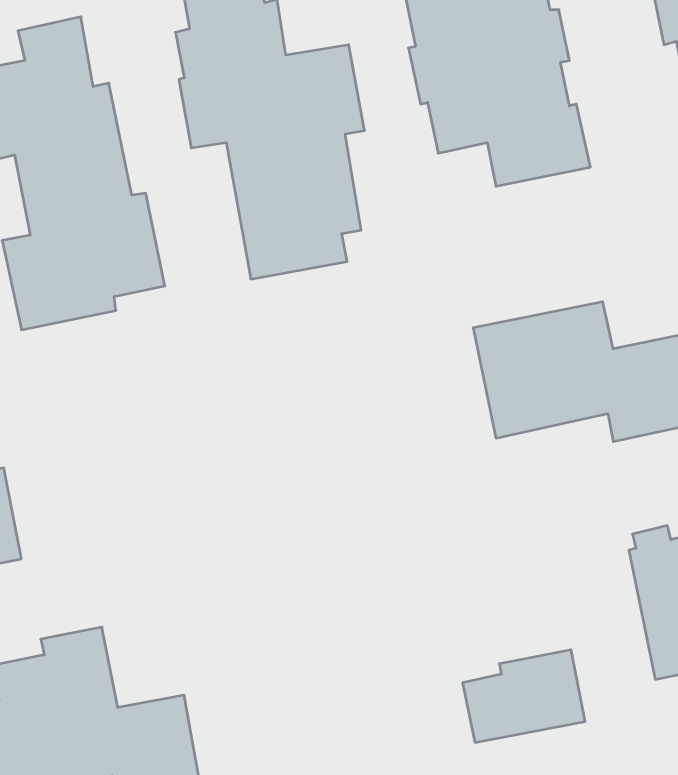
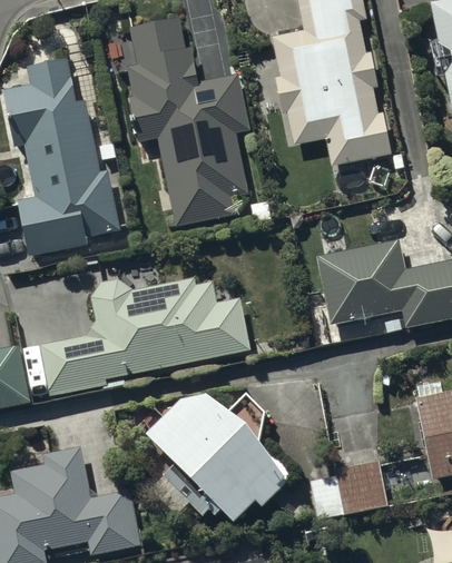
building: none -> [40,277,250,396]
building: none -> [147,389,294,518]

